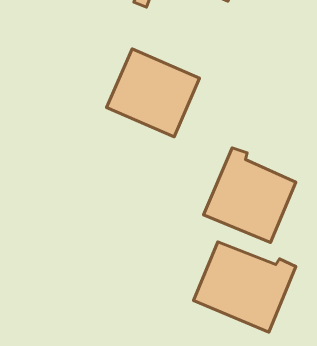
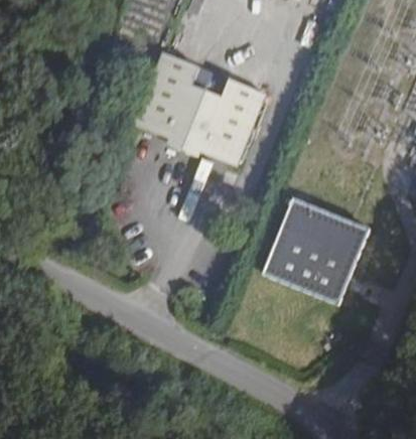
building: [193,242,296,332] -> none

